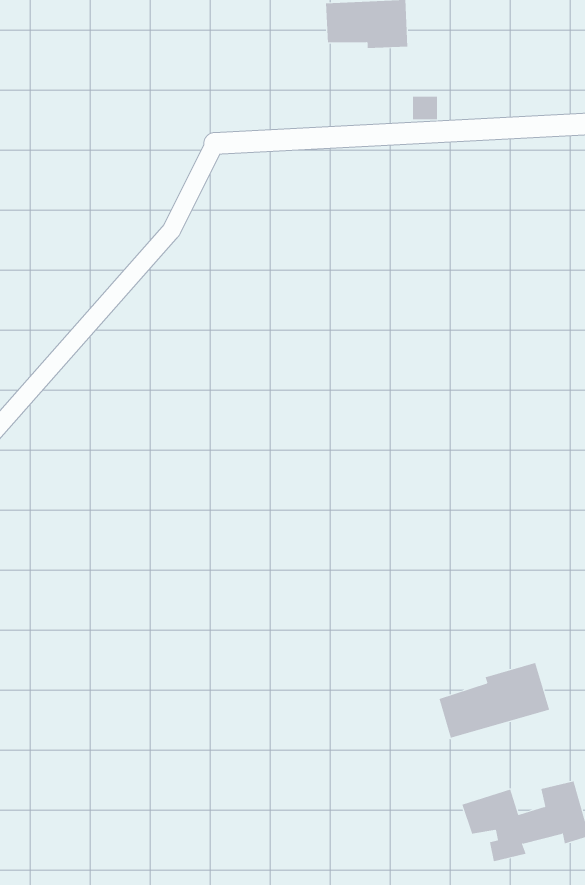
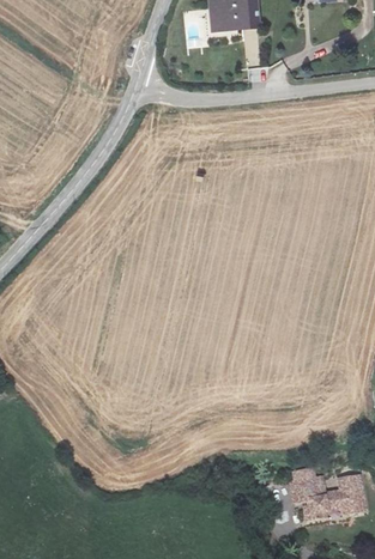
building: [439,662,550,739] -> none

